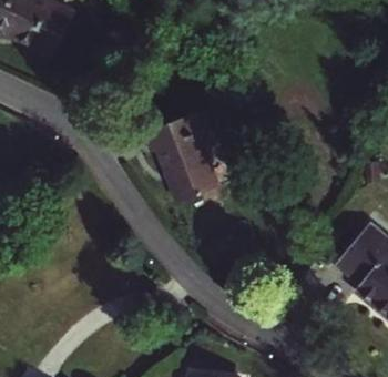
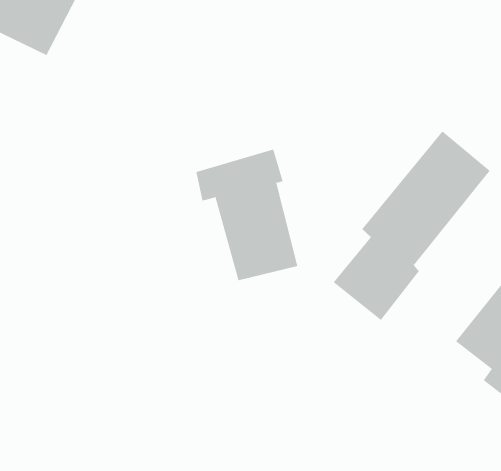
building: none -> [333,130,490,321]

